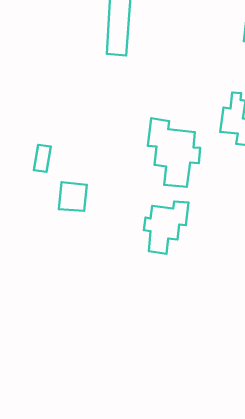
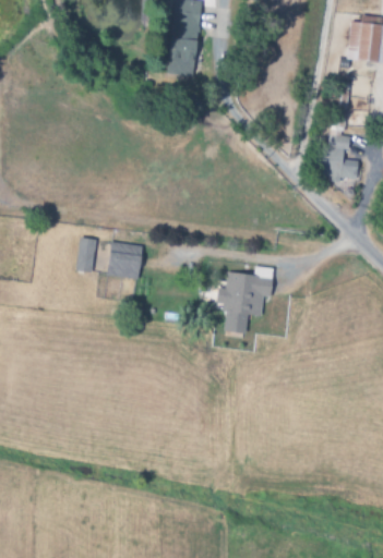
building: [148,118,200,187] -> none
building: [34,145,51,172] -> [75,236,97,271]

